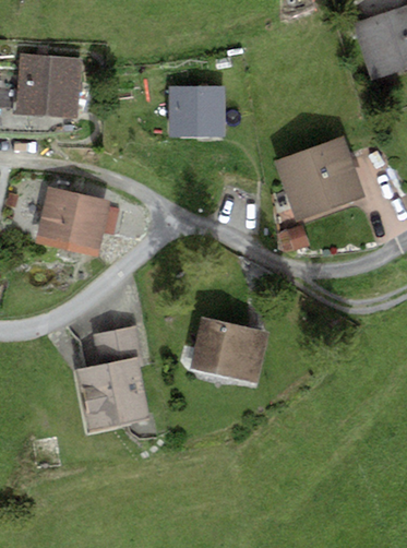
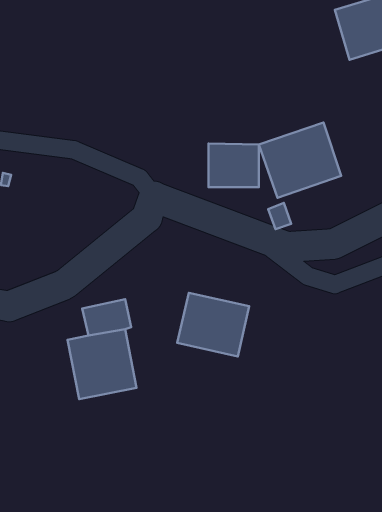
building: [16,55,84,117] -> none
building: [168,86,220,132] -> [209,143,259,187]
building: [33,187,105,252] -> none

